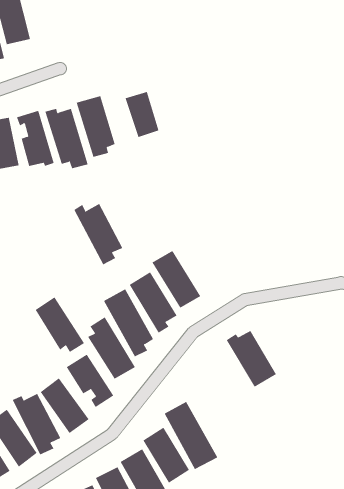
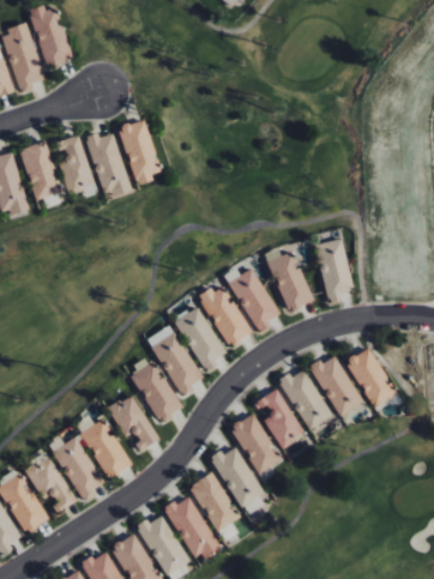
building: [125,91,159,138] -> none
building: [73,203,123,265] -> [225,267,278,333]
building: none -> [315,239,354,304]
building: none -> [265,248,313,312]
building: [35,297,85,353] -> none
building: none -> [345,348,397,408]
building: none -> [311,354,363,417]
building: none -> [254,388,306,450]
building: none -> [230,414,282,475]

